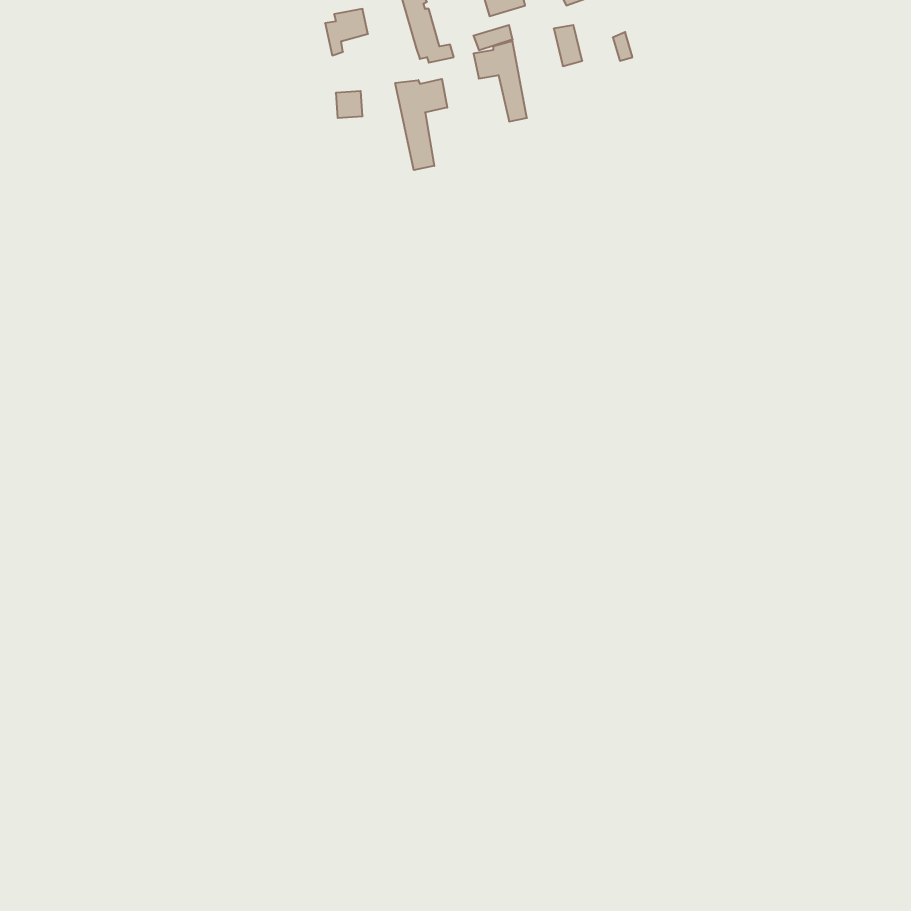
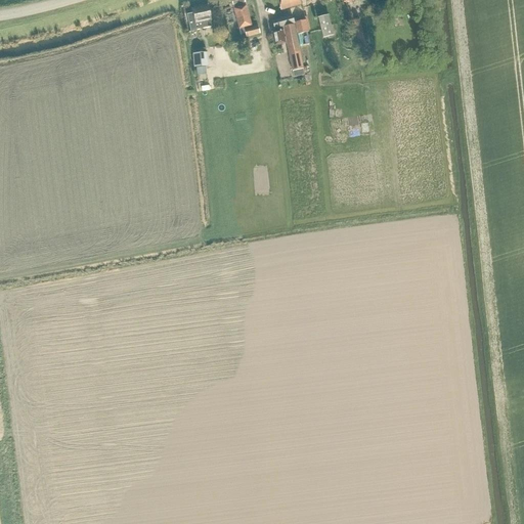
building: [395,79,447,170] -> none

